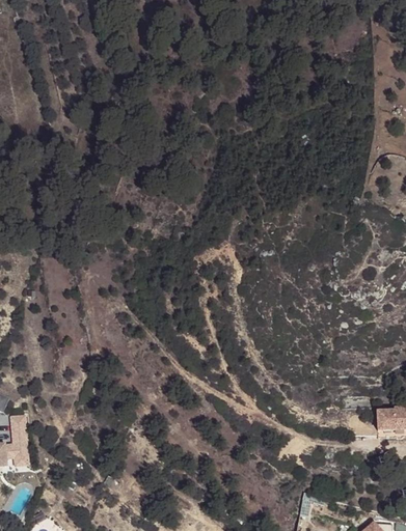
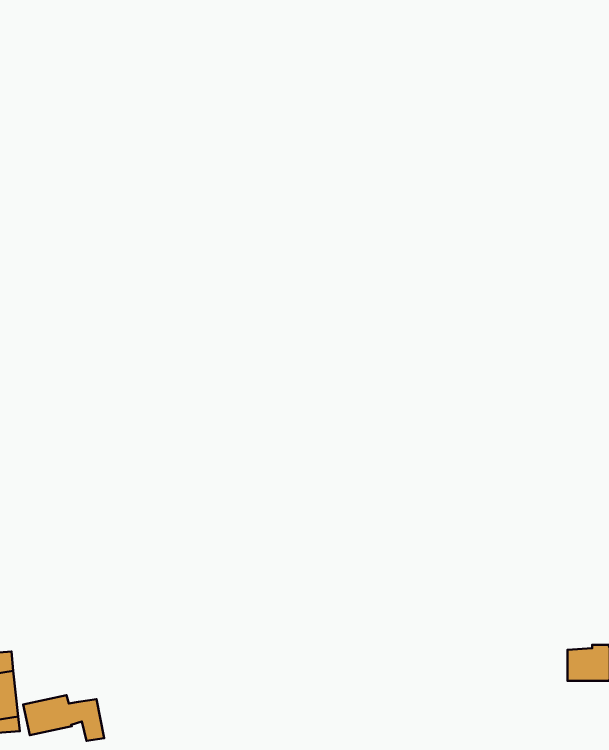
building: none -> [23,695,104,741]

